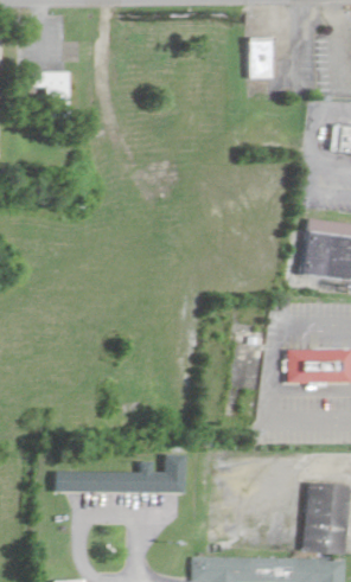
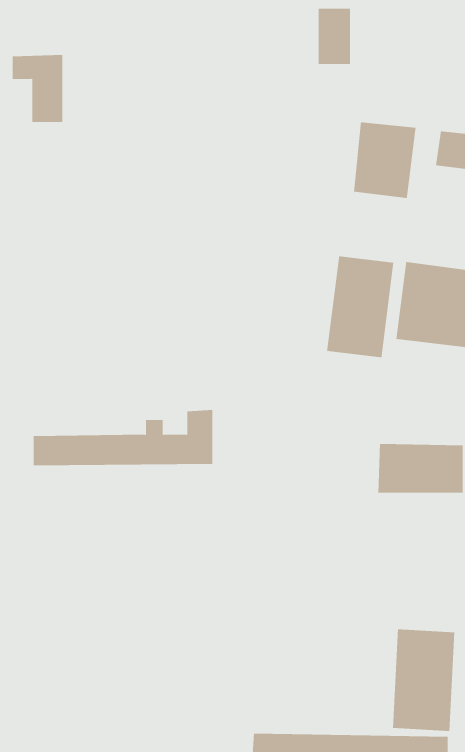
building: none -> [353,122,416,199]
building: none -> [327,256,394,358]
building: [53,454,183,494] -> [33,409,213,466]

